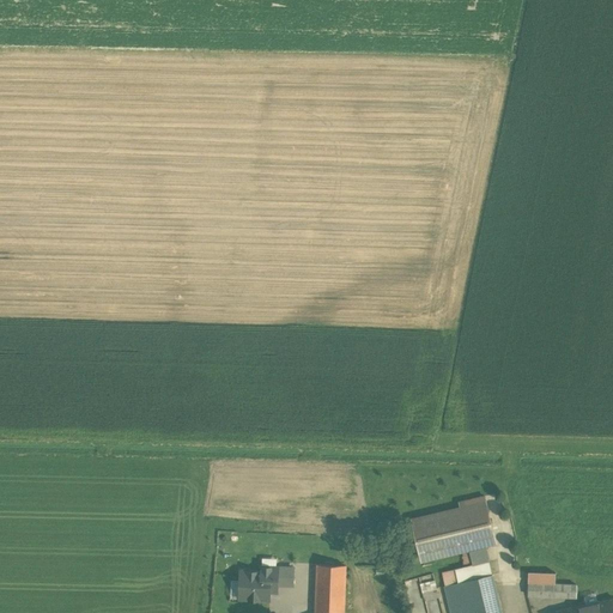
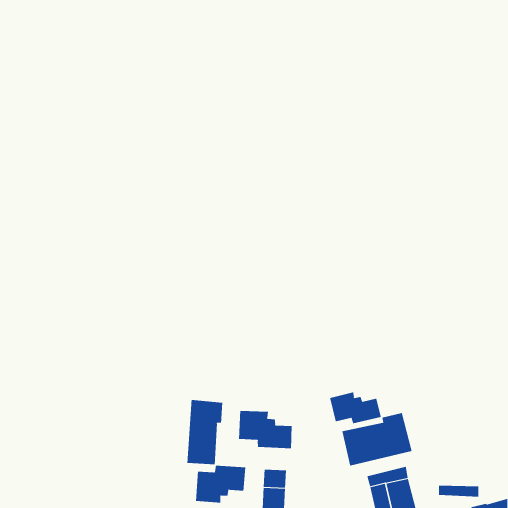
building: none -> [330,392,381,424]
building: none -> [187,399,223,465]
building: none -> [239,410,292,449]

